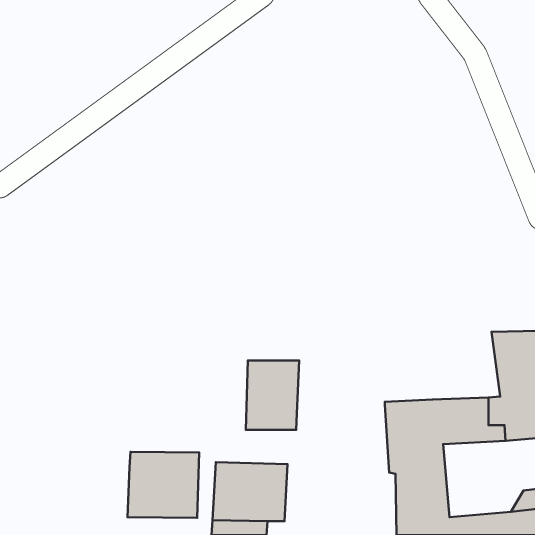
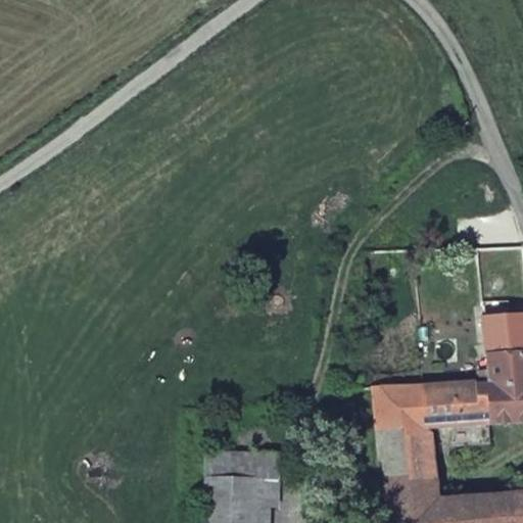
building: [246,360,299,430] -> none
building: [127,452,199,518] -> none

